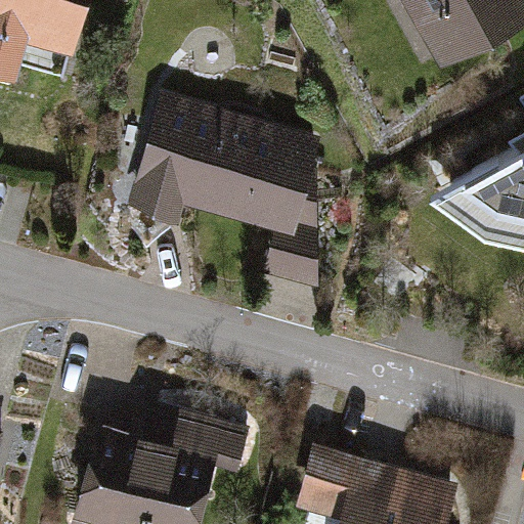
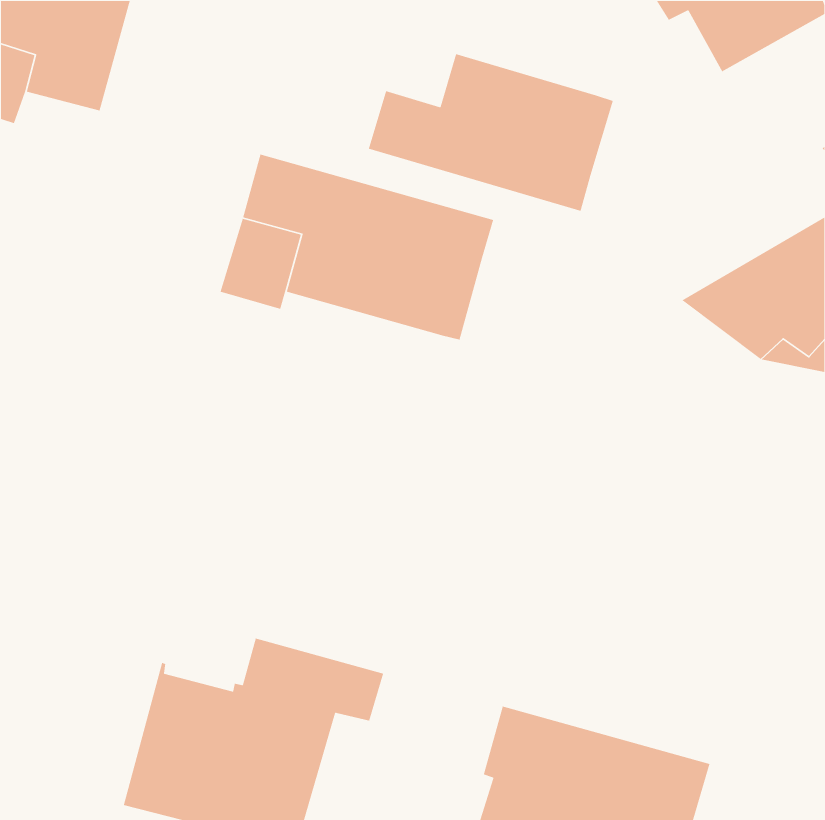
building: none -> [368,53,614,212]
building: [264,167,318,285] -> none

